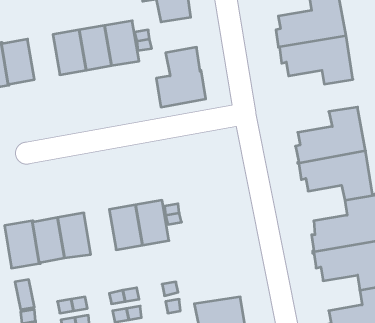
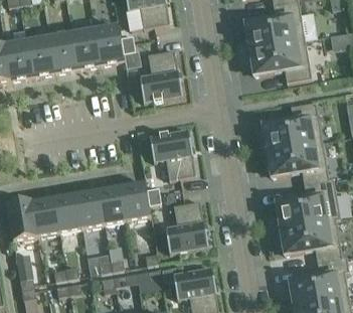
building: none -> [26,36,54,75]
building: none -> [149,127,195,177]
building: none -> [75,189,104,228]
building: none -> [165,198,208,251]

